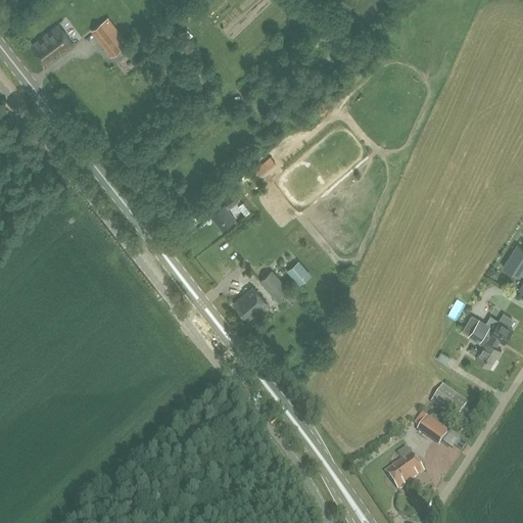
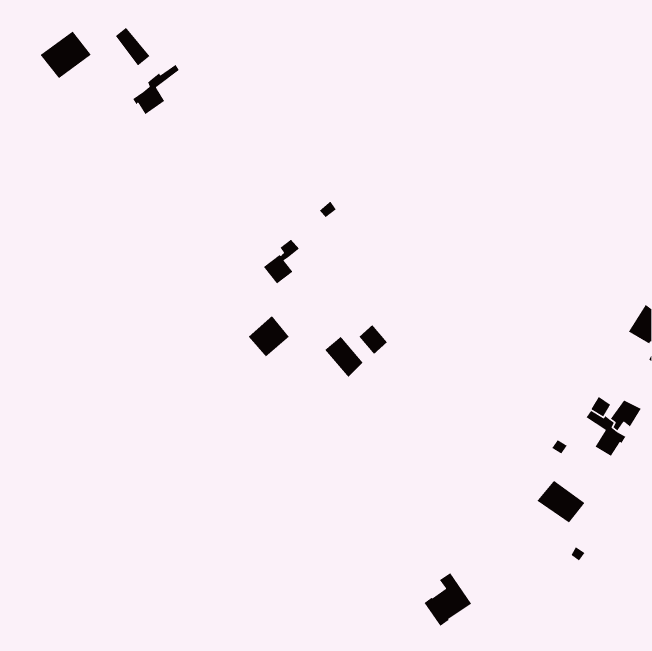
building: none -> [132,64,180,115]
building: [234,285,268,319] -> [248,315,290,357]
building: [417,416,448,445] -> none
building: [385,445,424,489] -> [424,572,472,627]

